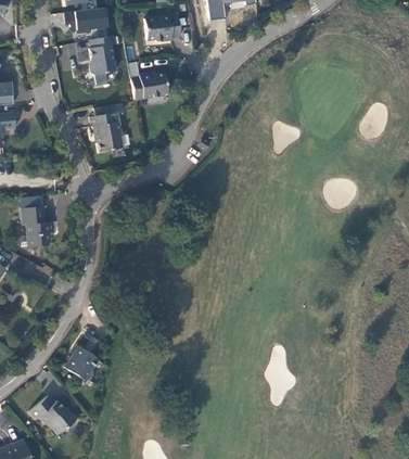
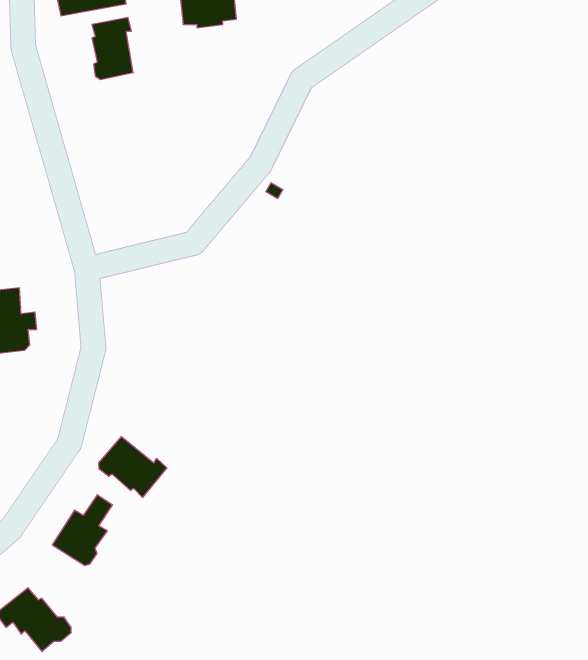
building: [131,72,168,100] -> none
building: [89,102,124,152] -> none
building: none -> [99,437,167,497]

